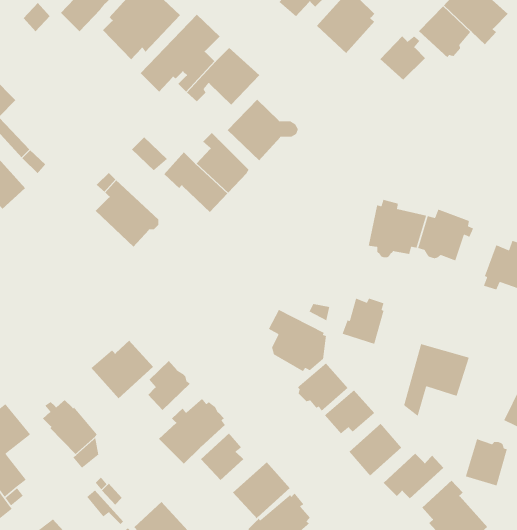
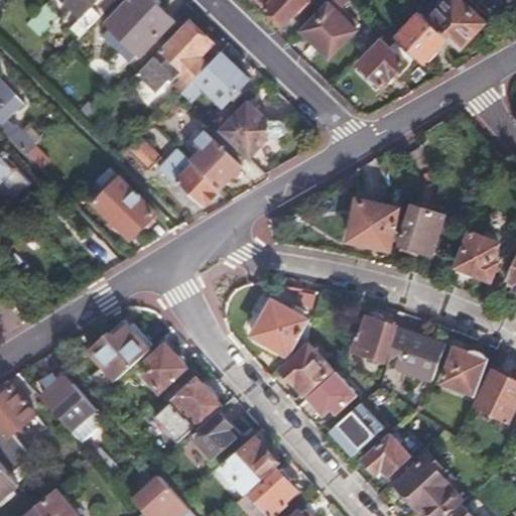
building: [342,298,385,345] -> [356,313,396,358]
building: [465,438,508,486] -> [443,345,484,390]

